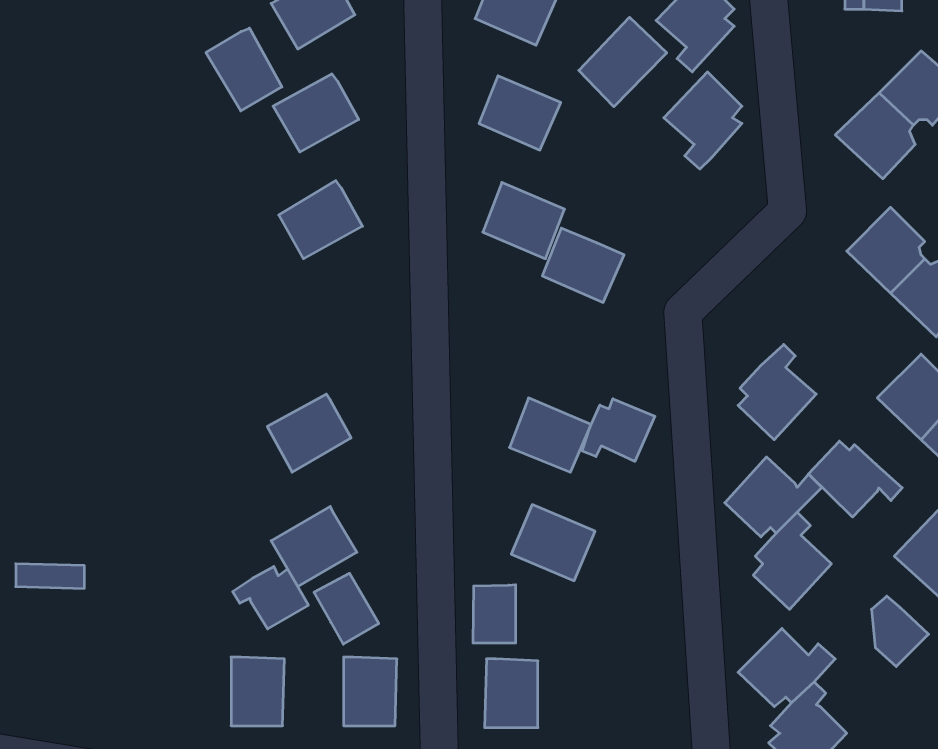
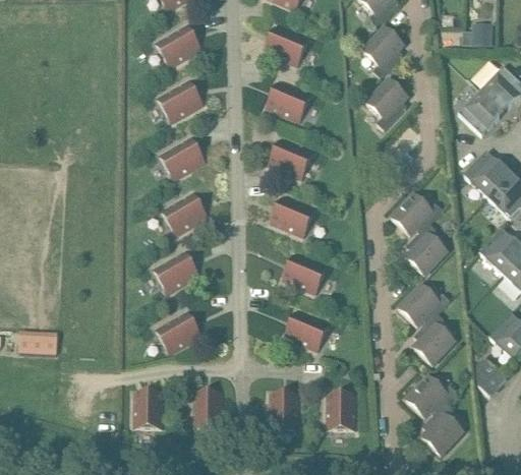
building: [579,17,667,107] -> none
building: [206,28,282,111] -> none
building: [542,228,624,302] -> [271,195,314,235]
building: none -> [162,191,207,234]
building: none -> [391,193,443,235]
building: [582,399,655,461] -> none
building: [808,441,902,517] -> none
building: [233,566,308,629] -> none
building: [314,573,379,644] -> none
building: [473,585,516,643] -> none
building: none -> [327,393,355,429]

